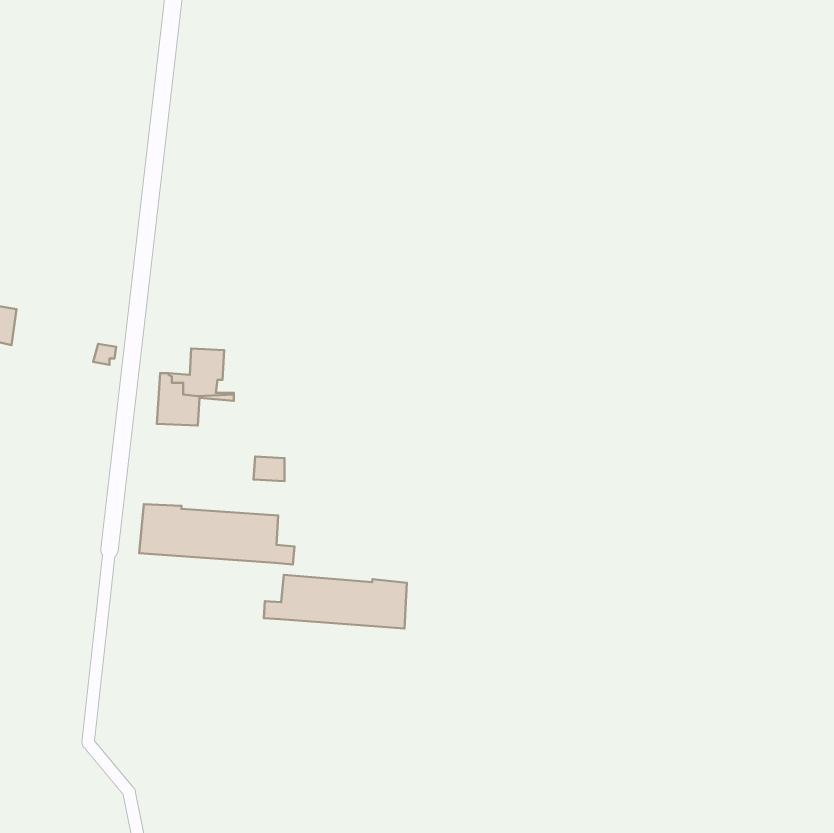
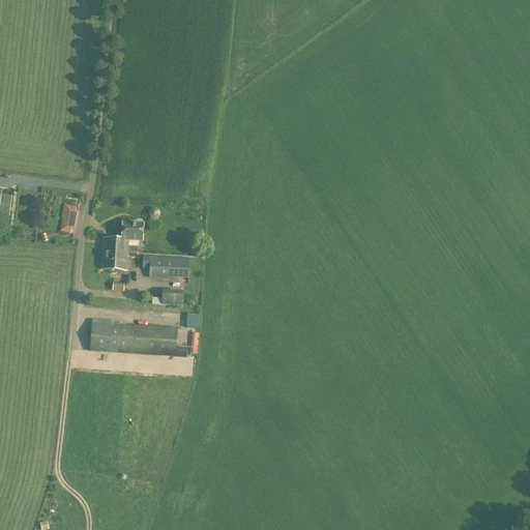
building: none -> [141,254,188,278]
building: [264,575,407,629] -> none

